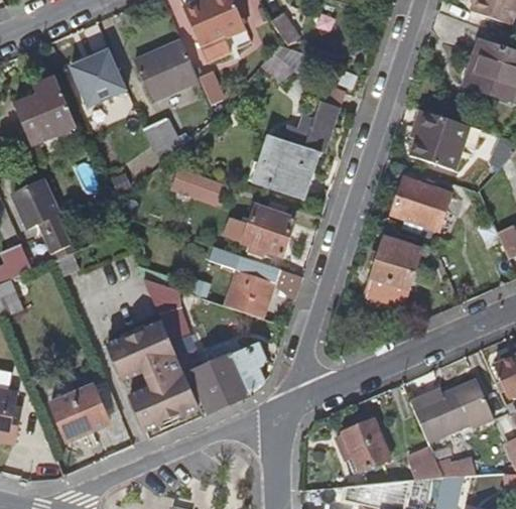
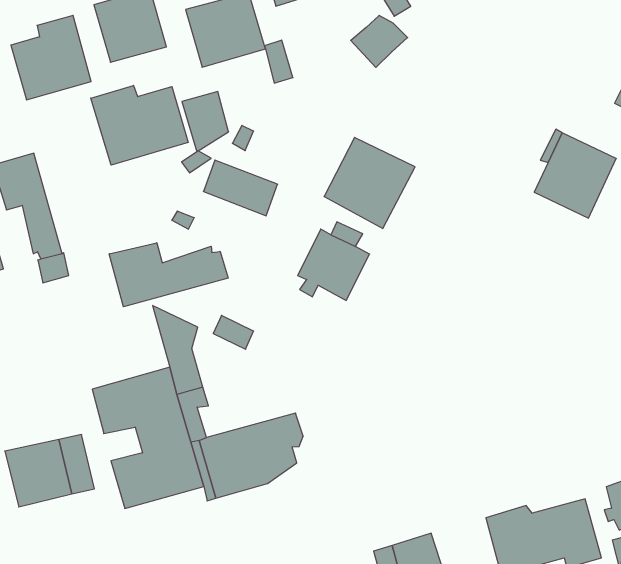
building: [283,103,339,153] -> none
building: none -> [91,85,188,165]
building: [390,179,448,229] -> none
building: none -> [109,243,228,307]
building: [363,233,420,306] -> none
building: [229,259,278,317] -> none

